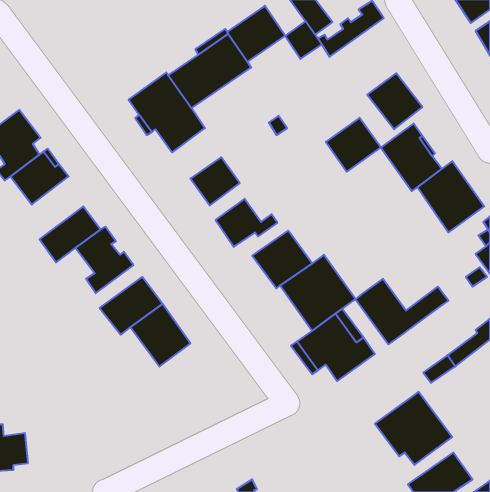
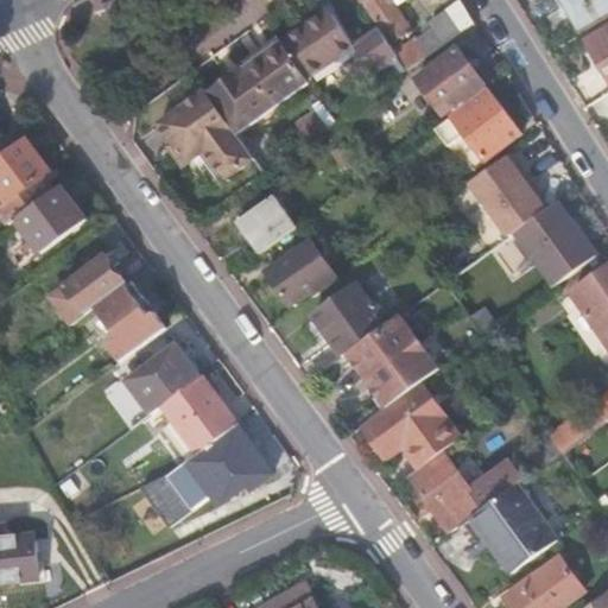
building: [326,118,381,172] -> [413,48,481,114]
building: [356,279,448,344] -> [407,450,521,531]
building: none -> [148,423,270,518]

